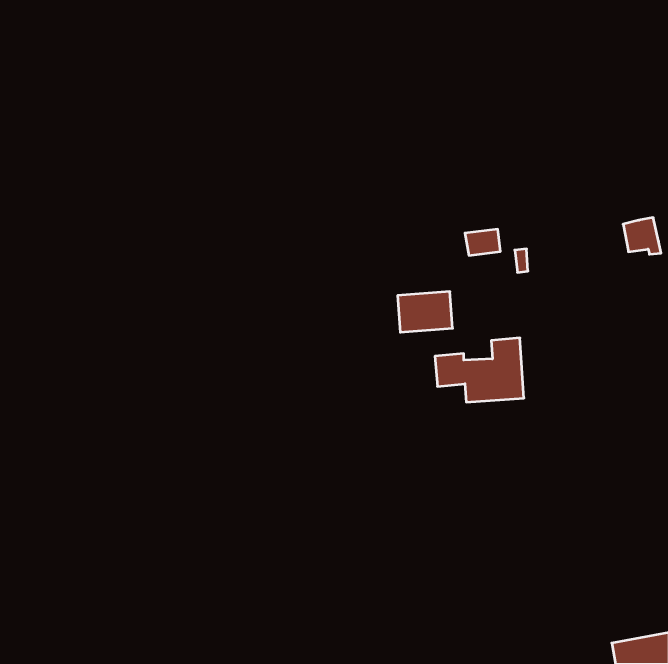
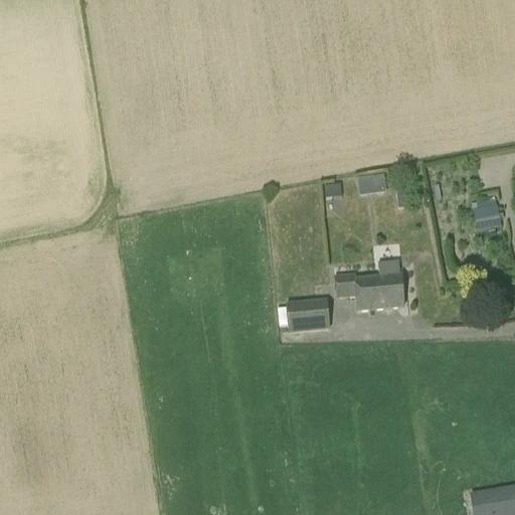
building: [623,218,661,254] -> [474,203,503,231]
building: [398,292,453,332] -> [288,298,330,329]

